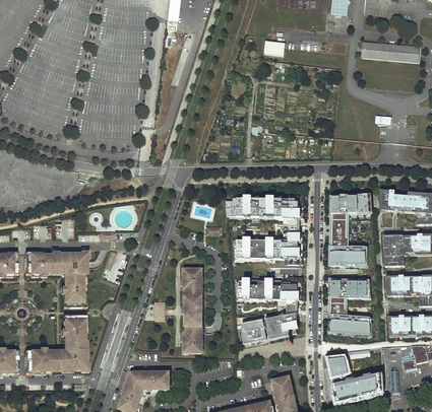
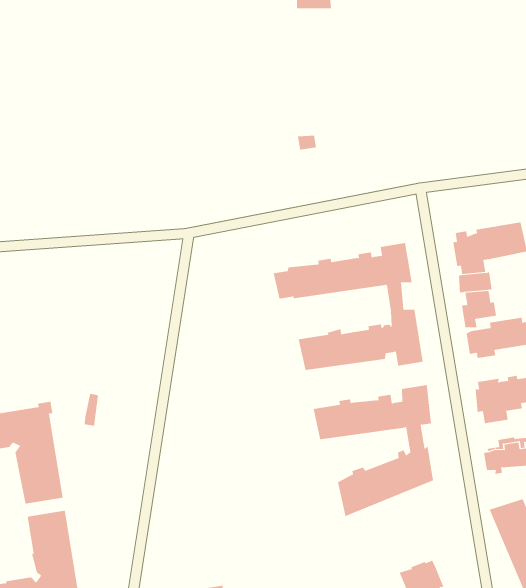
building: [183,268,201,352] -> none

